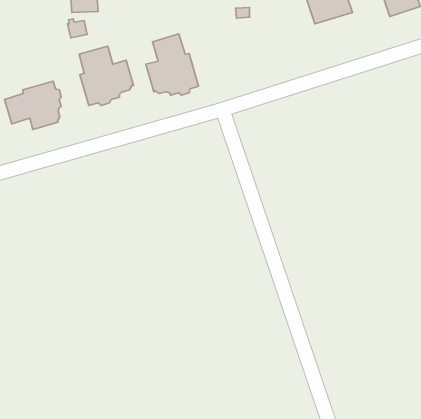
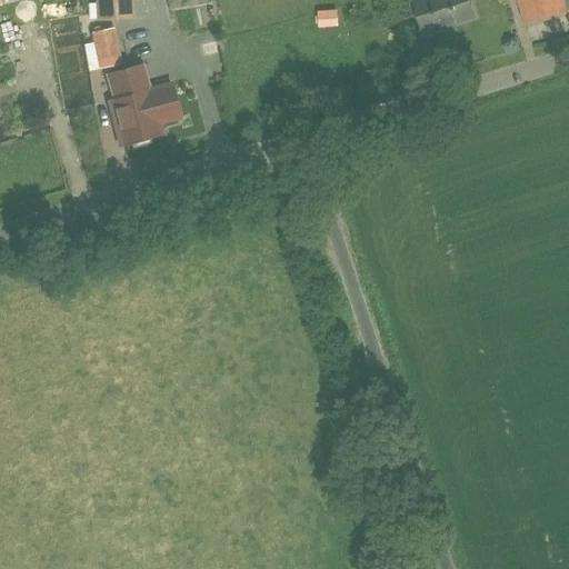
building: [146,34,199,95] -> none
building: [5,81,61,130] -> none

